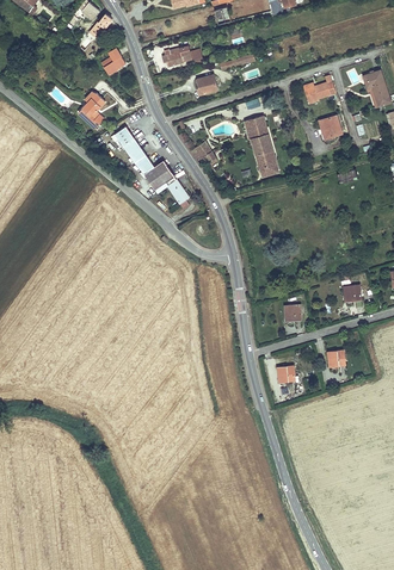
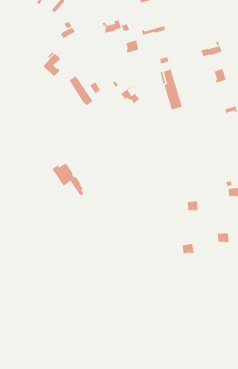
building: [141,161,189,210] -> [51,162,85,197]

